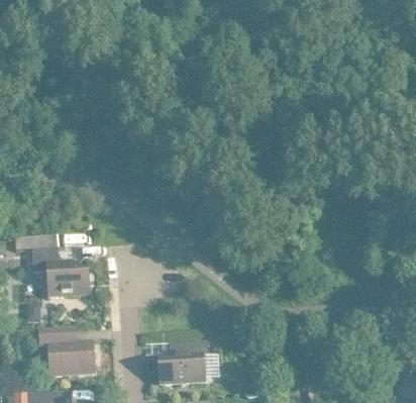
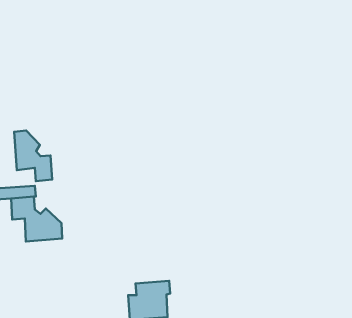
building: none -> [14,131,52,181]
building: [38,326,93,375] -> none

